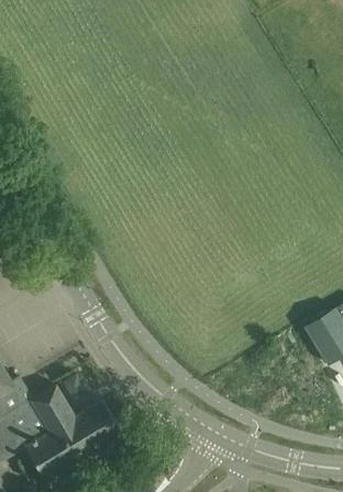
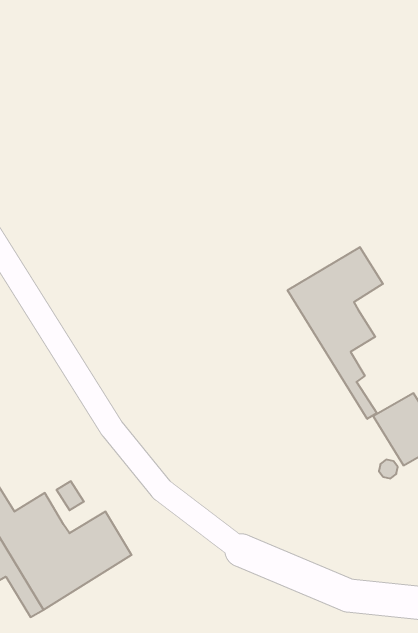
building: none -> [288,247,383,419]

